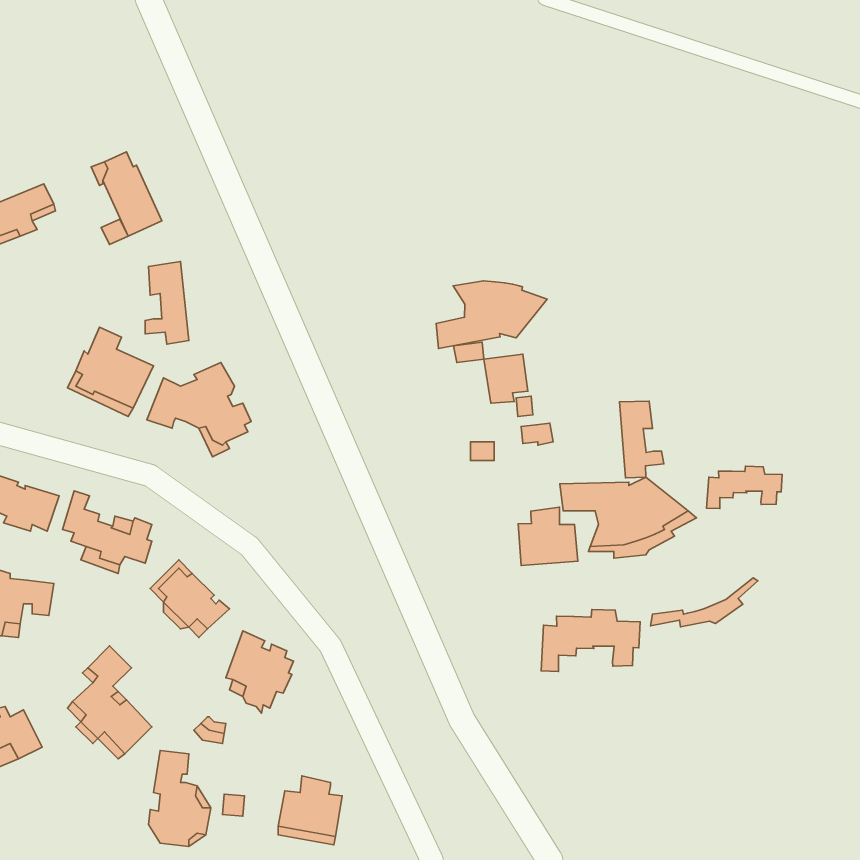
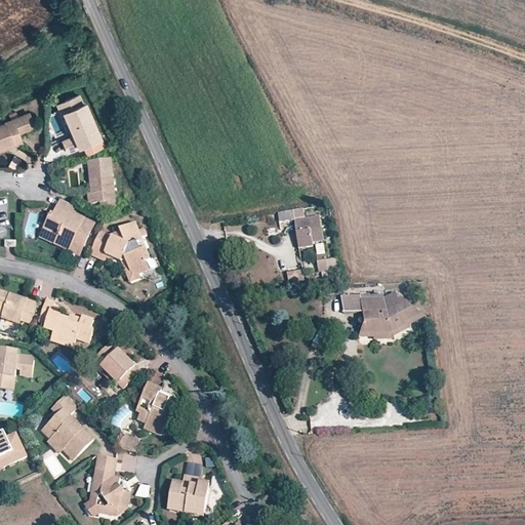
building: [436,281,547,349] -> none
building: [620,401,664,478] -> none
building: [707,466,782,508] -> none
building: [518,507,578,566] -> none
building: [650,578,758,627] -> none
building: [541,609,640,671] -> none

